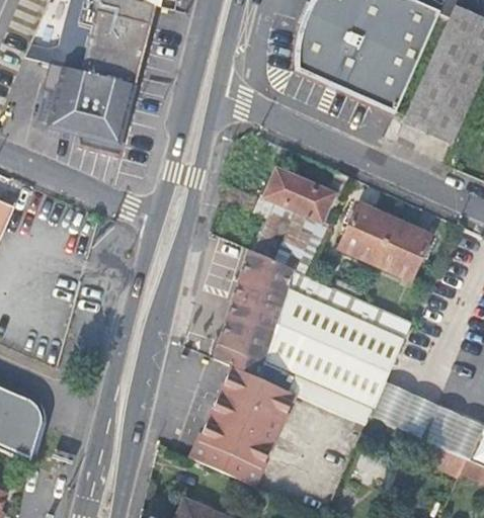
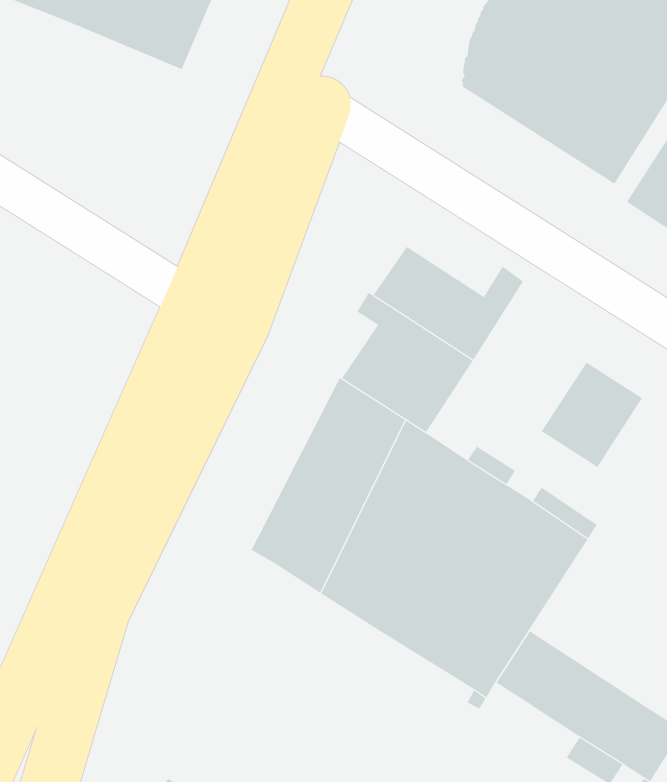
building: [48,67,132,151] -> none
building: [337,202,394,263] -> none
building: [190,364,296,486] -> none

